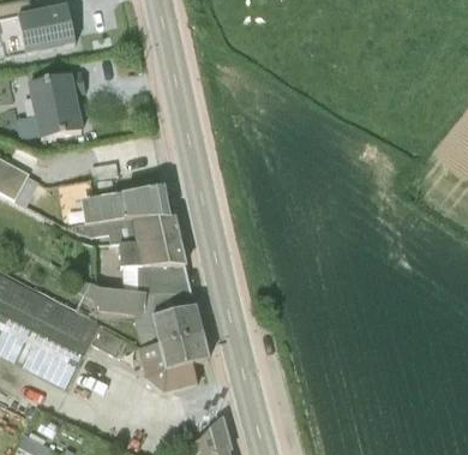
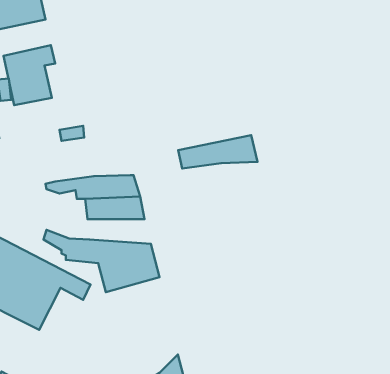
building: [80,186,169,223] -> [178,135,258,168]
building: [124,265,192,293] -> none
building: [137,330,208,391] -> none

